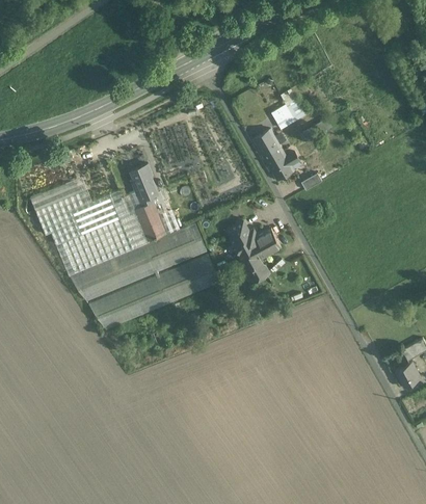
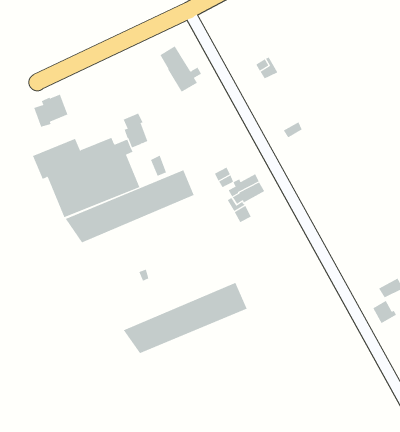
building: [254,129,298,179] -> [160,45,202,93]
building: none -> [33,94,68,128]
building: [135,196,166,240] -> none
building: [88,254,220,329] -> [123,282,248,354]

